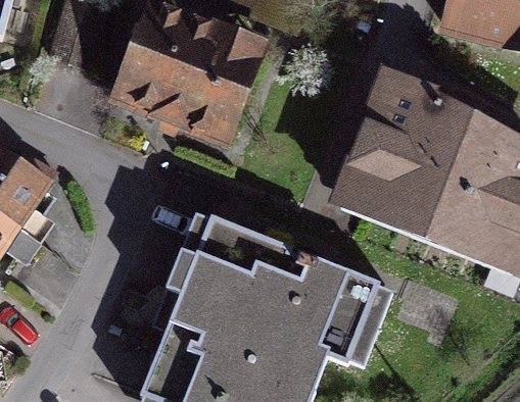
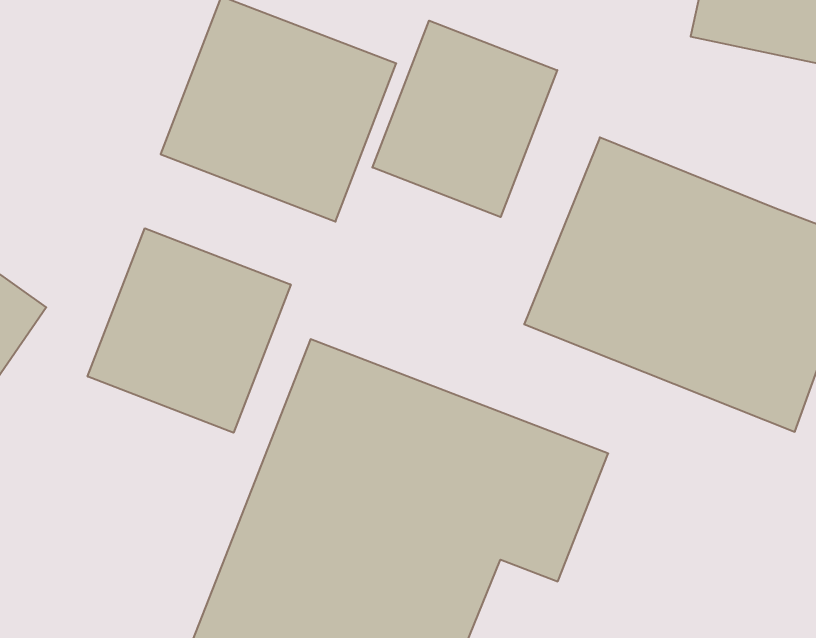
building: none -> [372,21,557,217]
building: none -> [88,228,291,433]

